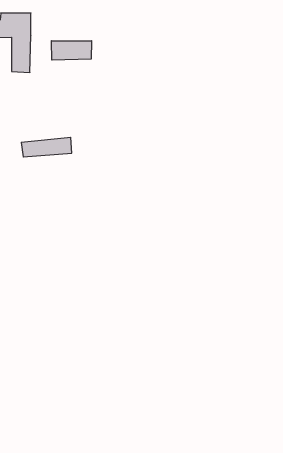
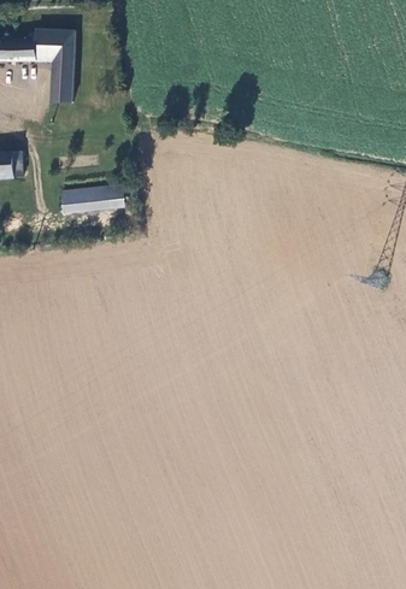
building: [51,41,92,60] -> none

